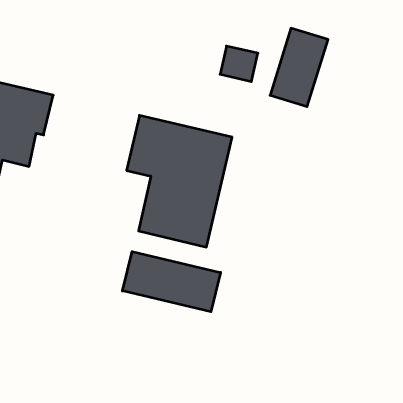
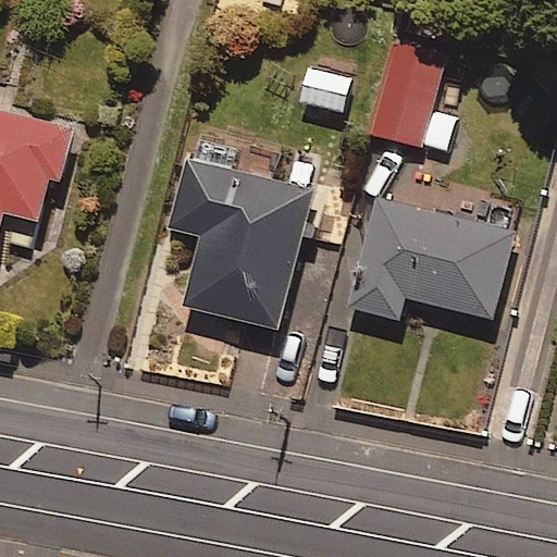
building: none -> [347,198,515,322]
building: [122,252,221,312] -> none

